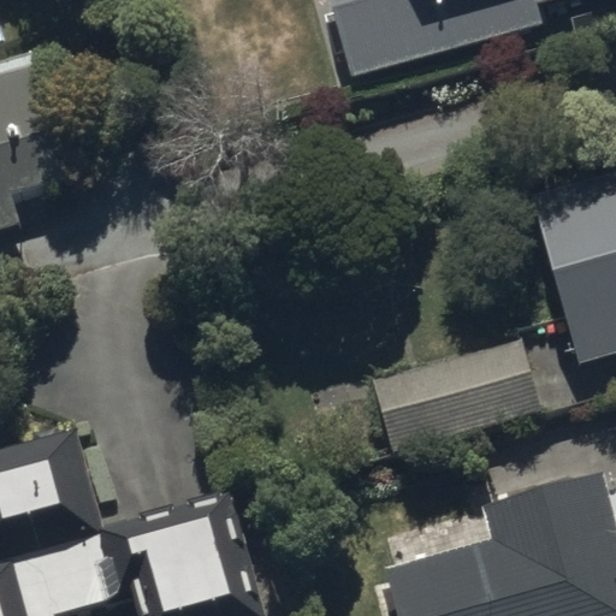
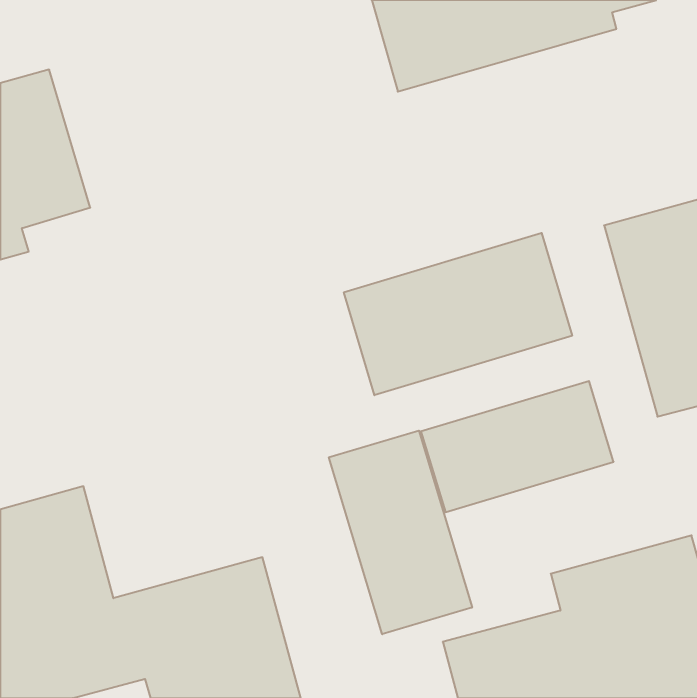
building: none -> [344,233,572,395]
building: none -> [329,431,472,634]

